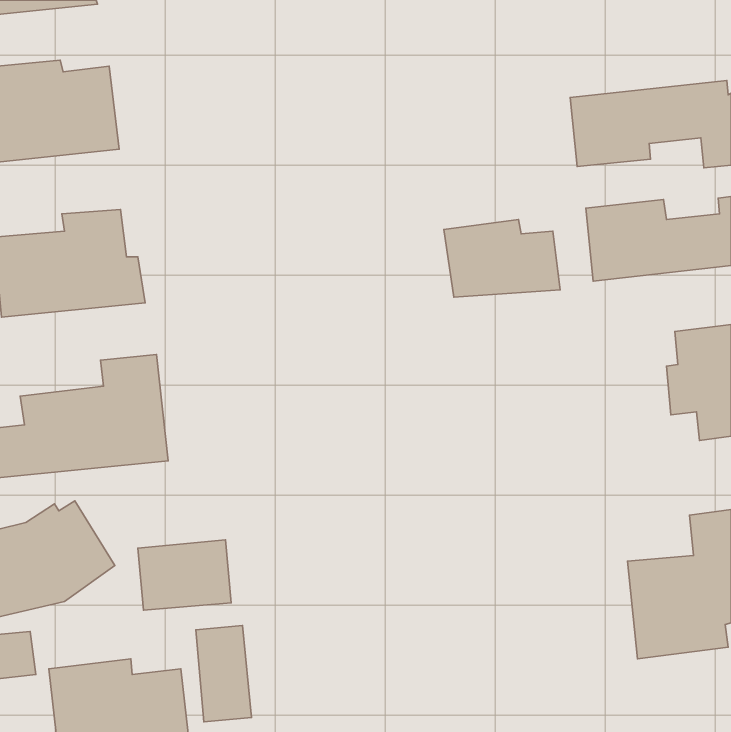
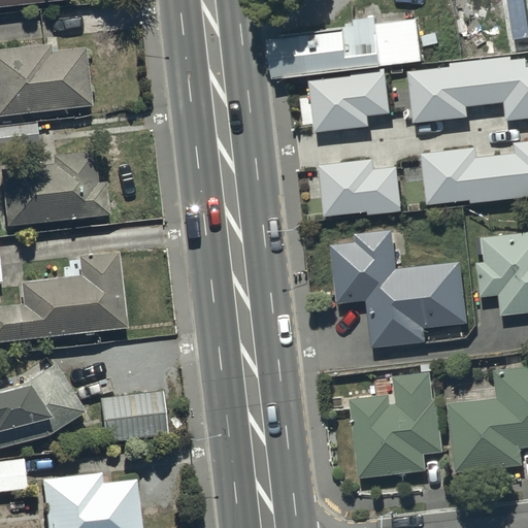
building: none -> [268,14,421,72]
building: none -> [308,70,388,131]
building: none -> [332,232,470,350]
building: none -> [350,373,447,481]
building: [196,626,252,722] -> none

